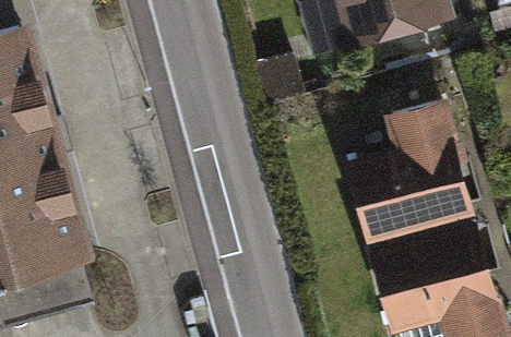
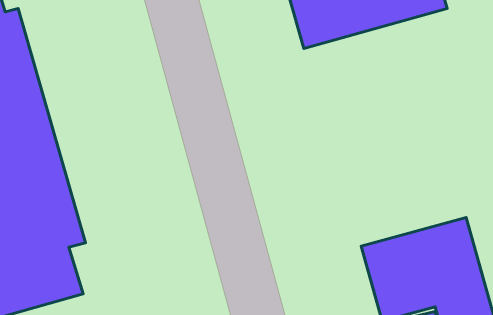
building: [345,97,470,234] -> none

